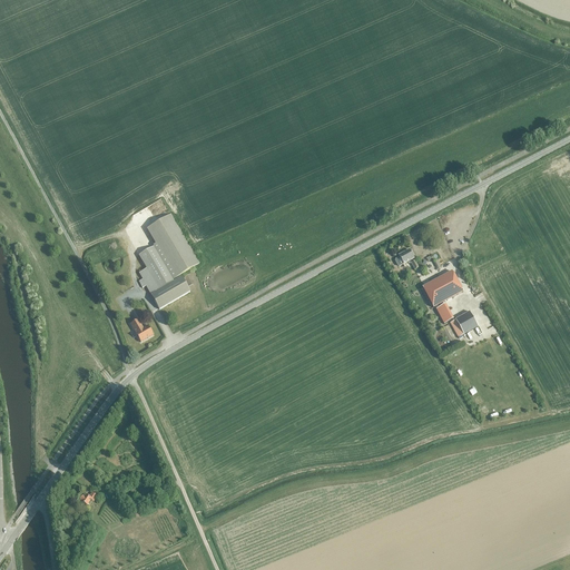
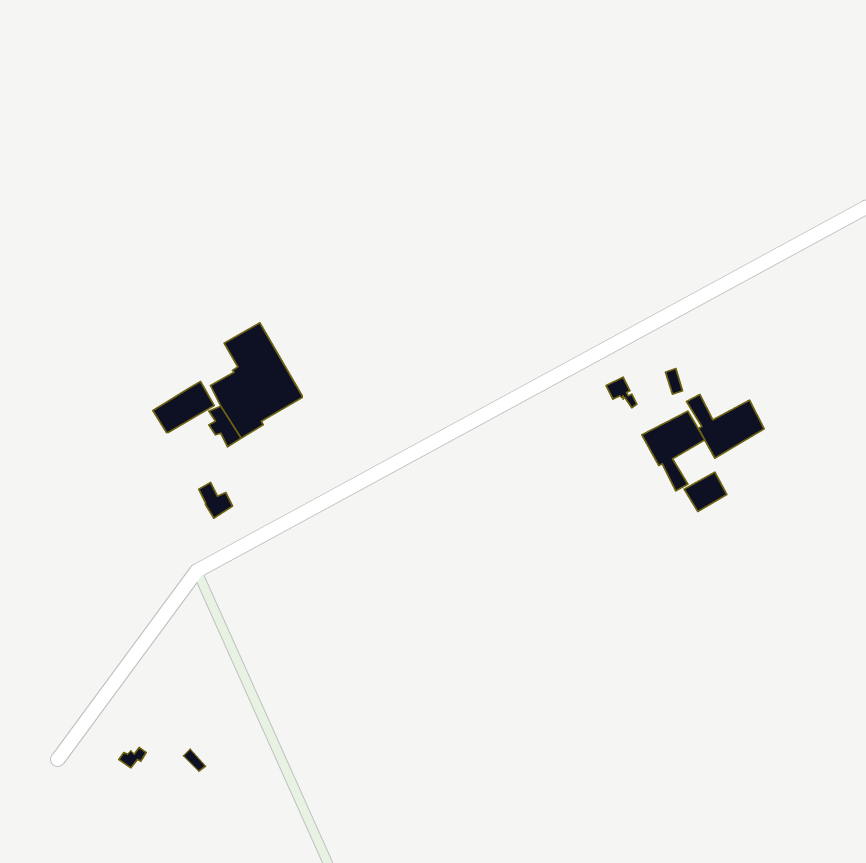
building: none -> [687,394,764,458]
building: [149,274,189,307] -> [153,382,214,433]

